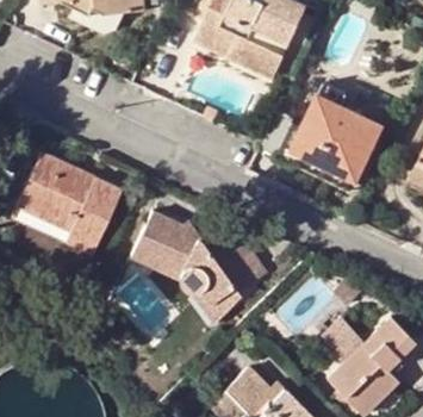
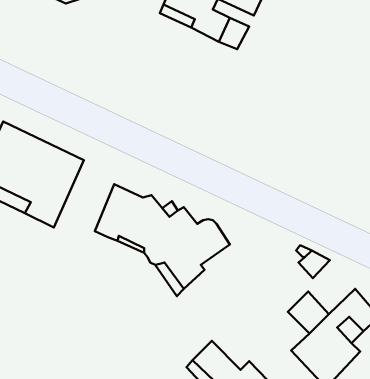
building: [293,94,382,180] -> none

